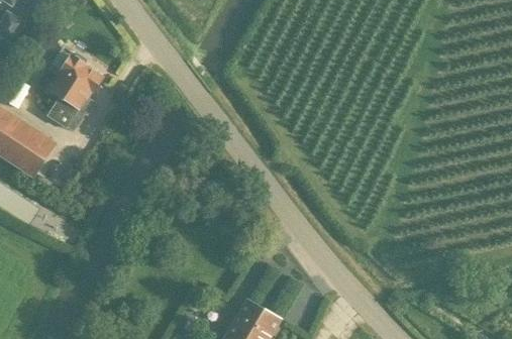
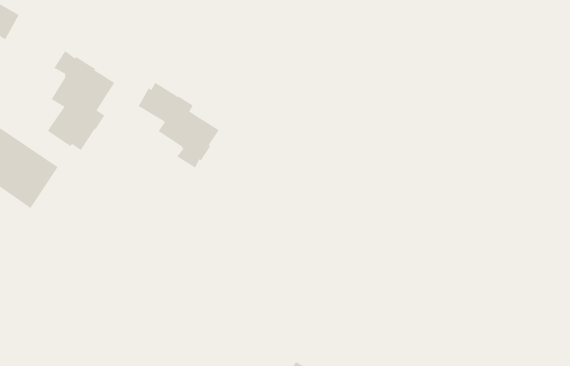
building: none -> [138,82,219,169]

